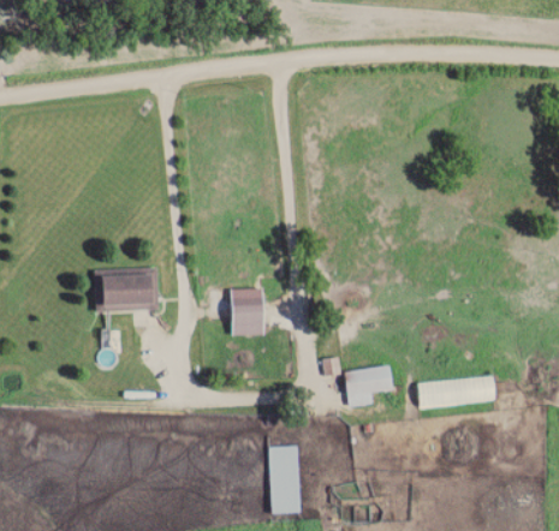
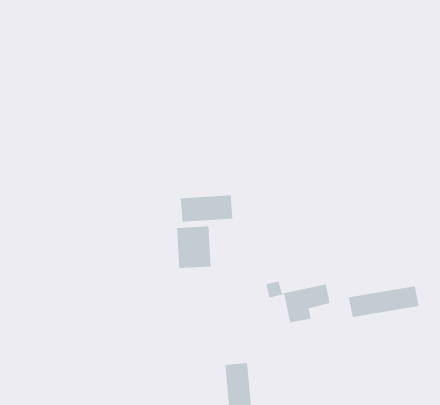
building: none -> [180,195,233,223]
building: [93,268,156,311] -> none

